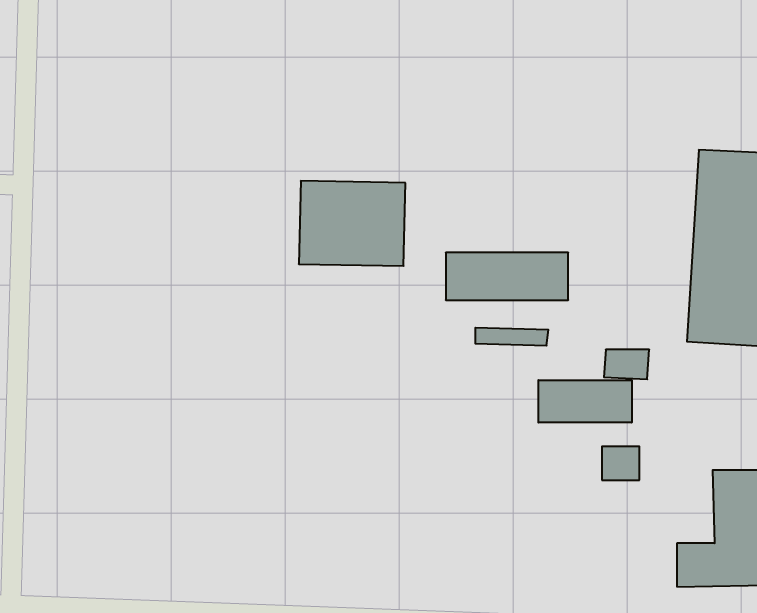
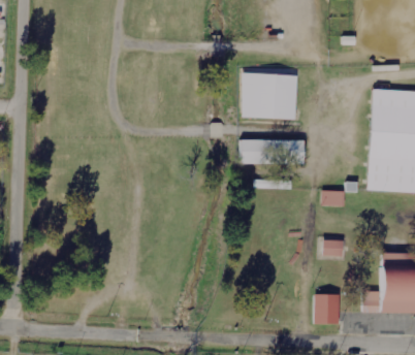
building: [299,181,405,266] -> [240,72,295,117]
building: [538,380,632,423] -> none
building: none -> [315,293,340,323]

